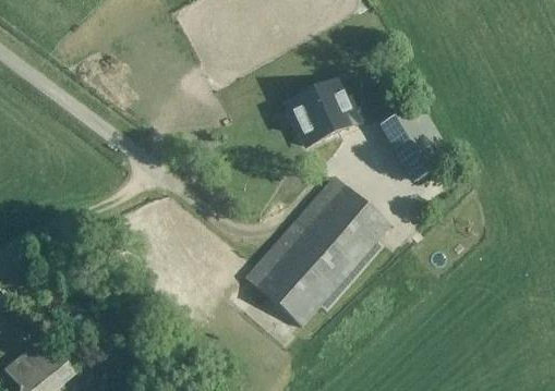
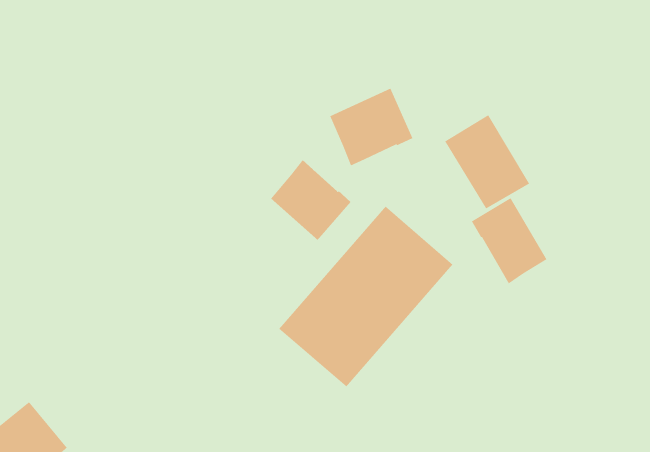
building: none -> [270,159,352,241]
building: none -> [471,197,548,284]

